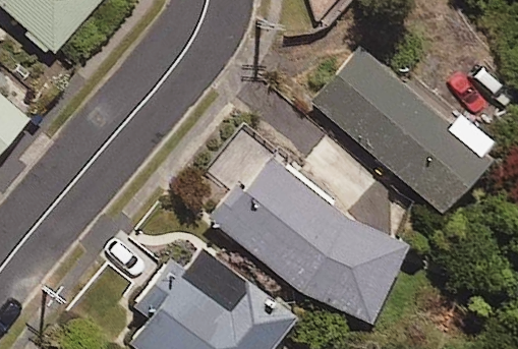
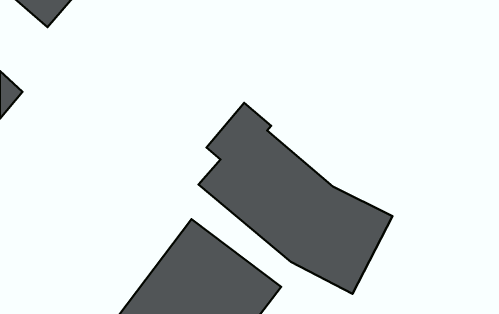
building: [312,47,491,213] -> none

